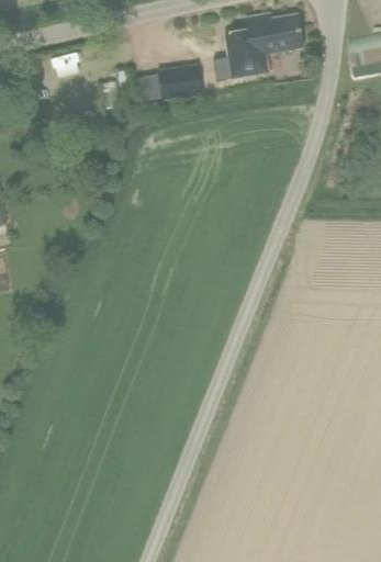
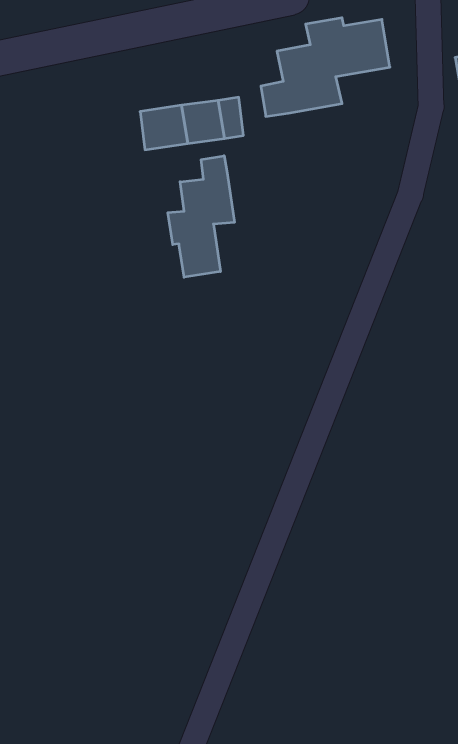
building: none -> [168,156,234,277]

